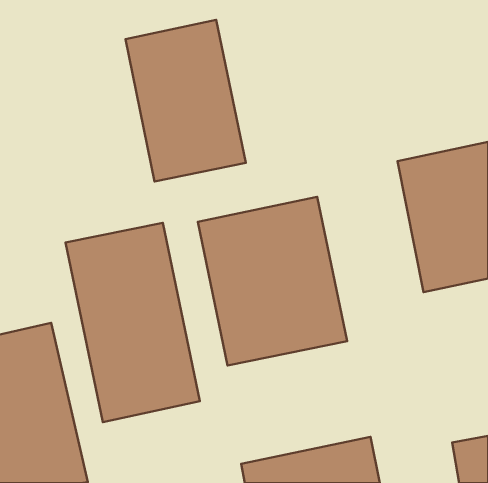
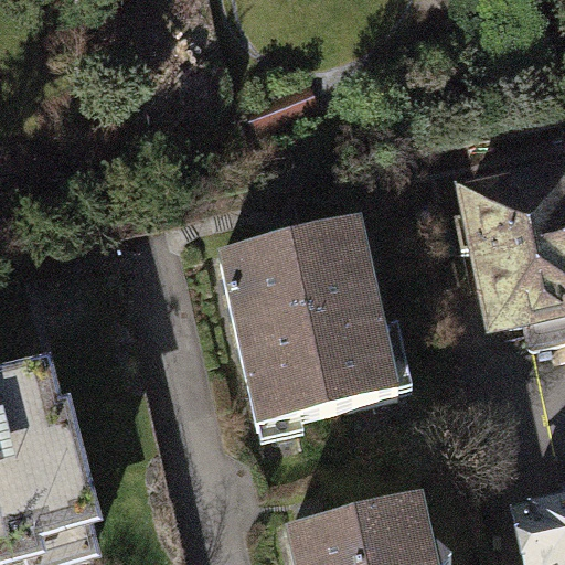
building: [125,20,246,181] -> none
building: [66,223,200,422] -> none

